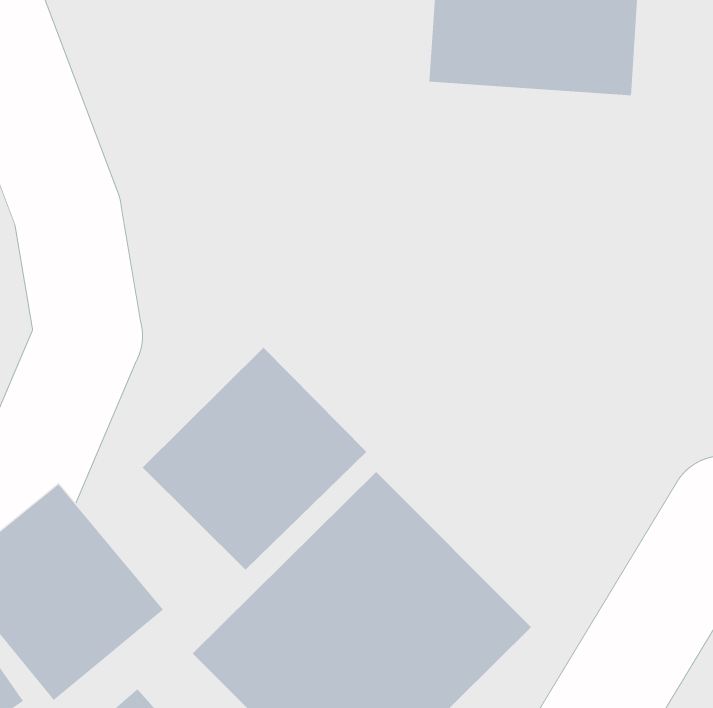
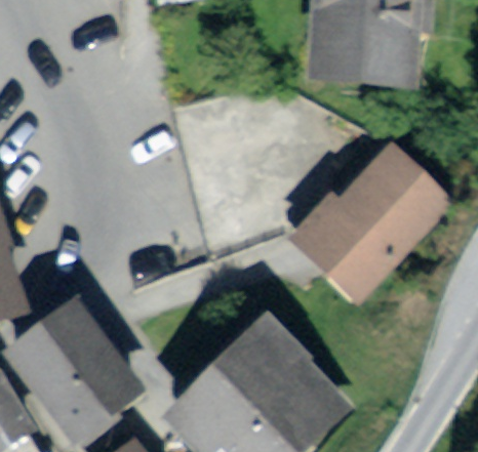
building: none -> [295,132,454,296]
building: [142,347,367,571] -> none

